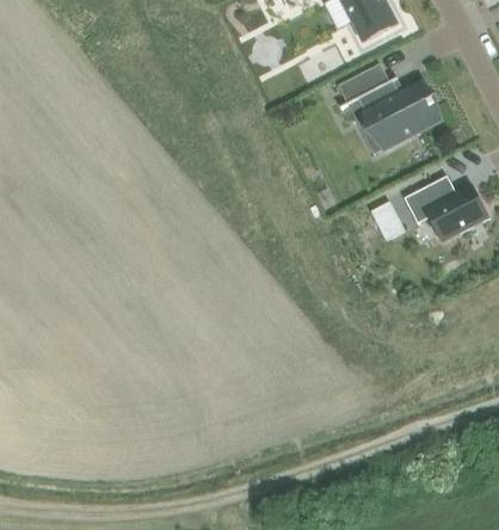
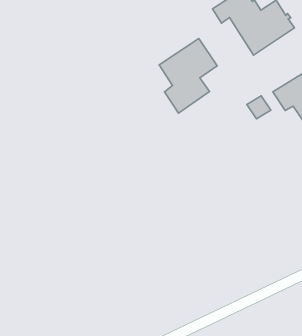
building: none -> [159,38,217,113]

